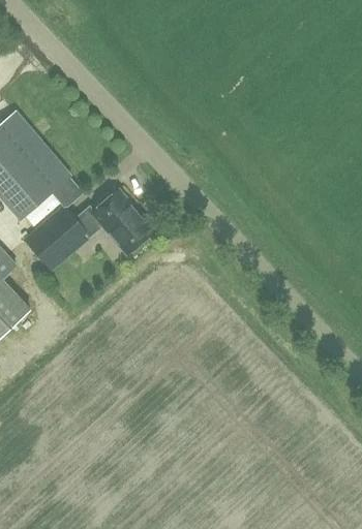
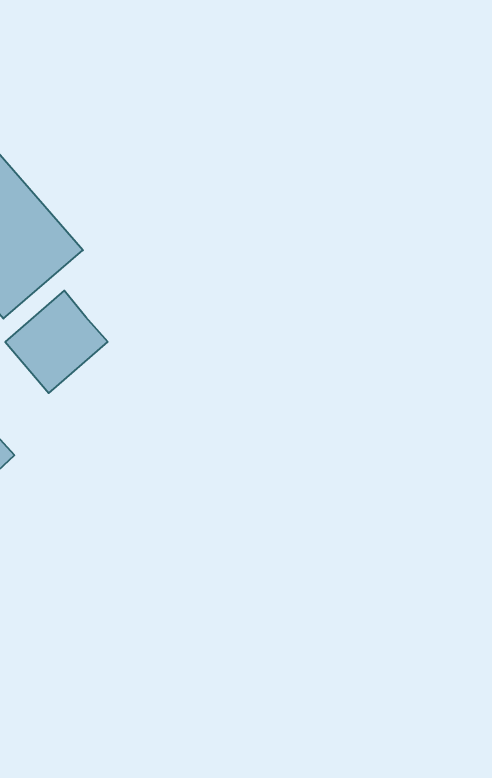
building: [76,190,153,253] -> none

